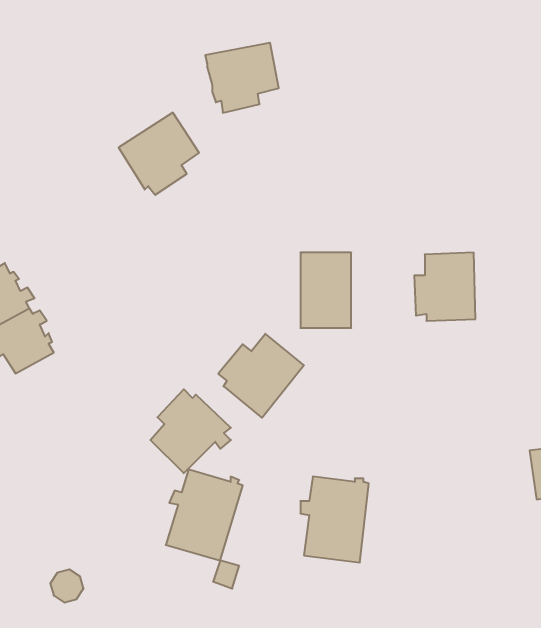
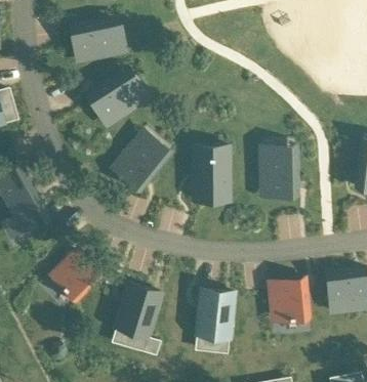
building: [205,43,279,113] -> [71,19,114,60]
building: [218,334,304,418] -> [115,142,165,192]
building: [150,389,231,473] -> [56,251,104,300]
building: none -> [271,280,309,321]

